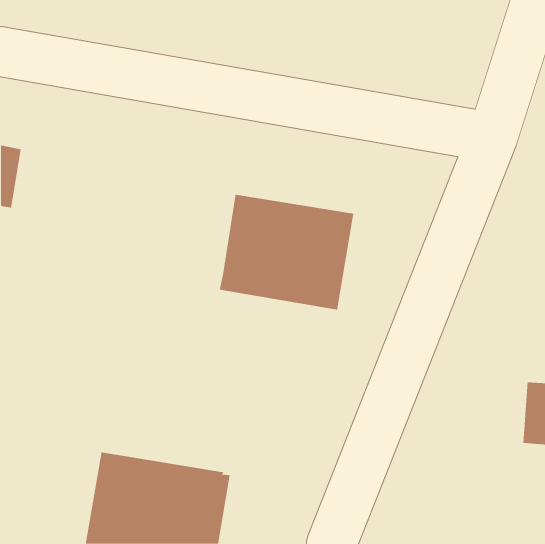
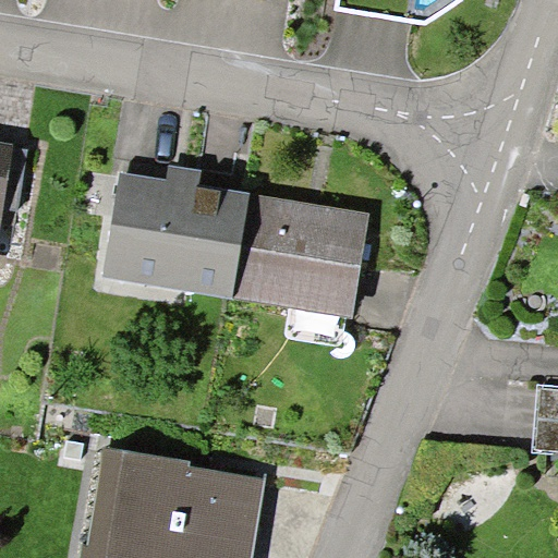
building: none -> [108,177,242,279]

